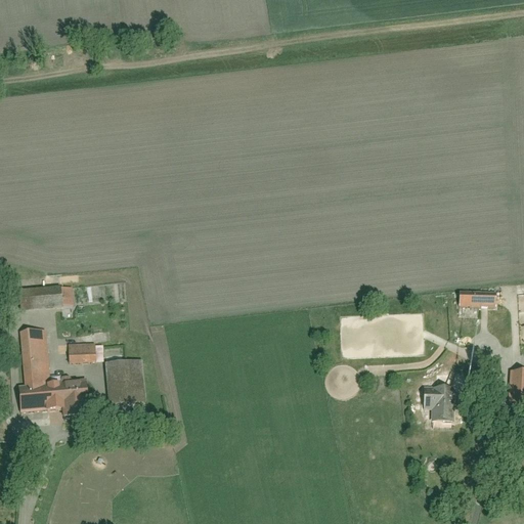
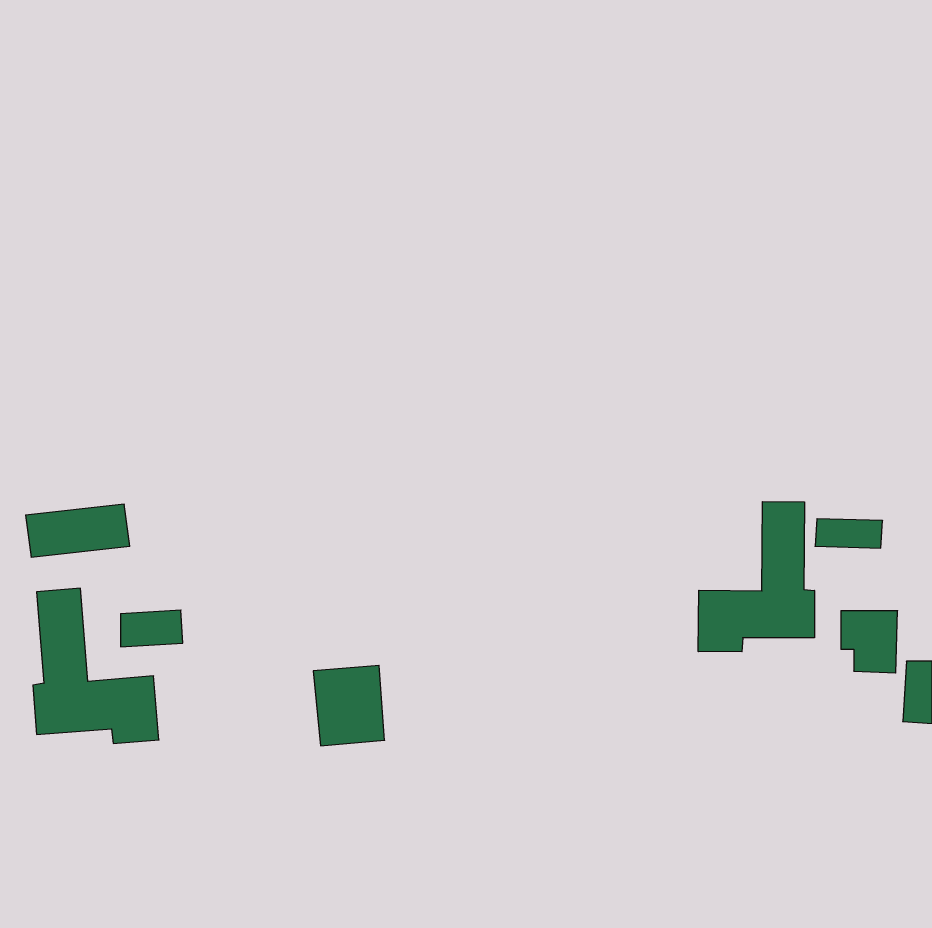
building: none -> [698,502,814,652]
building: [105,359,145,404] -> [313,665,385,746]
building: [422,387,453,422] -> [841,611,898,673]

